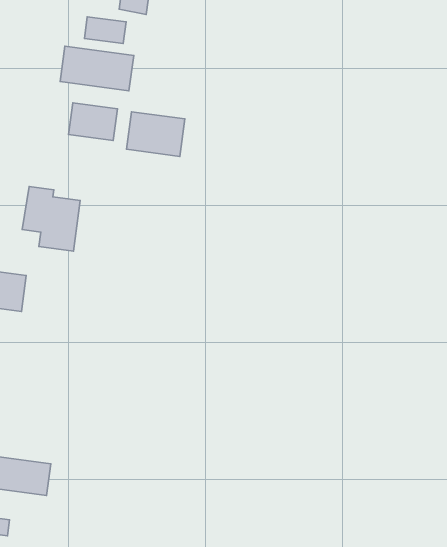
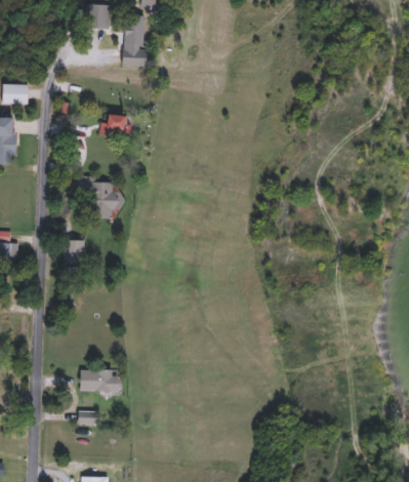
building: [60,46,134,91] -> none
building: [126,112,185,156] -> none

